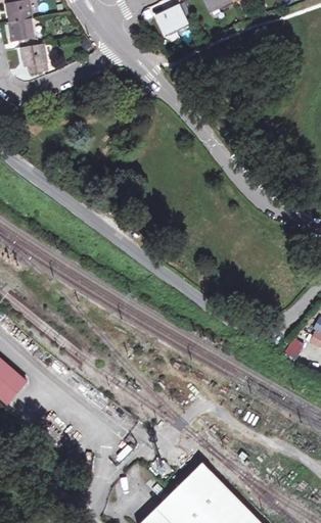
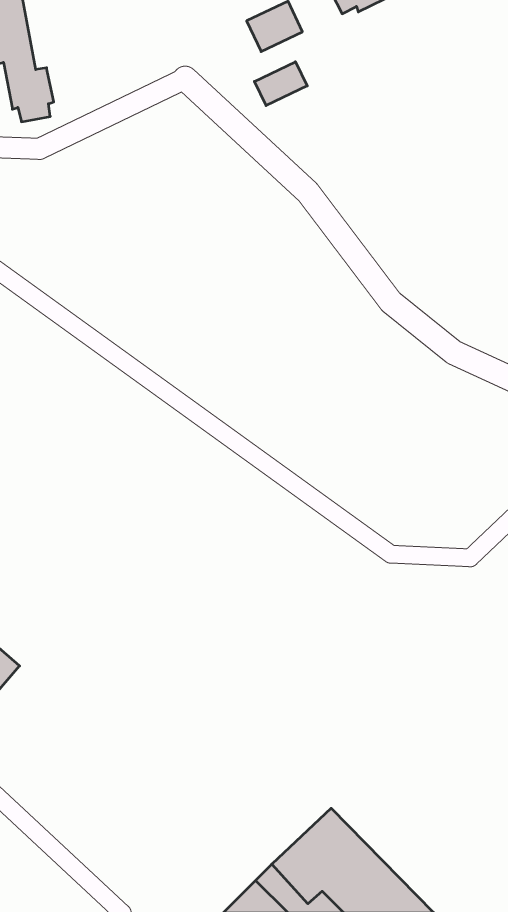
building: none -> [254,62,307,106]

